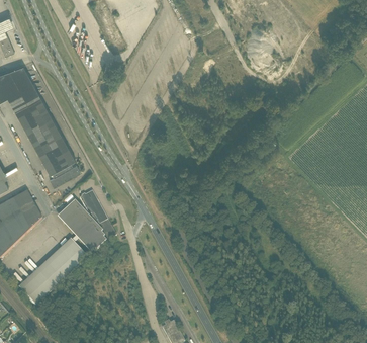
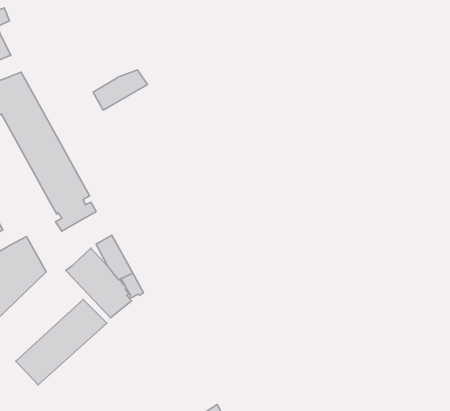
building: none -> [93,70,148,110]

